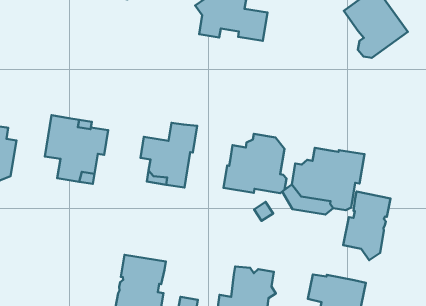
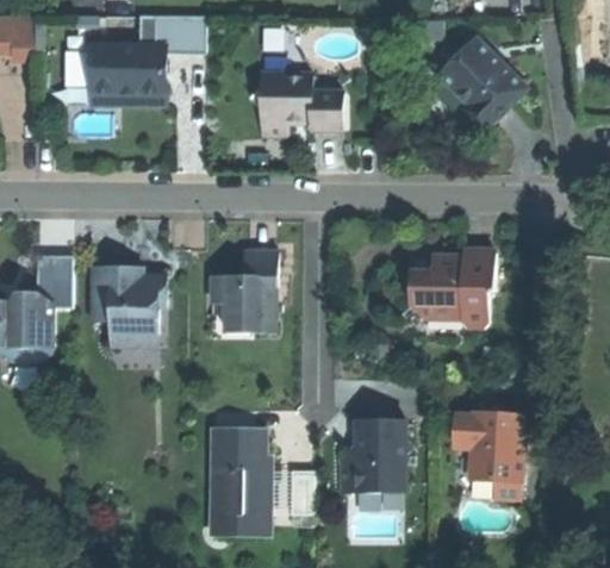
building: none -> [35,255,71,306]
building: [224,134,286,193] -> none
building: [343,192,391,260] -> none

